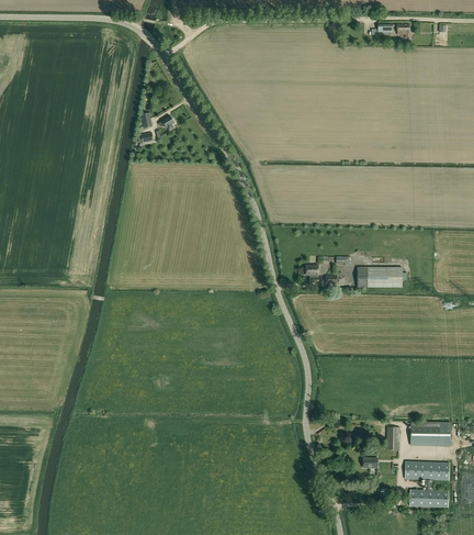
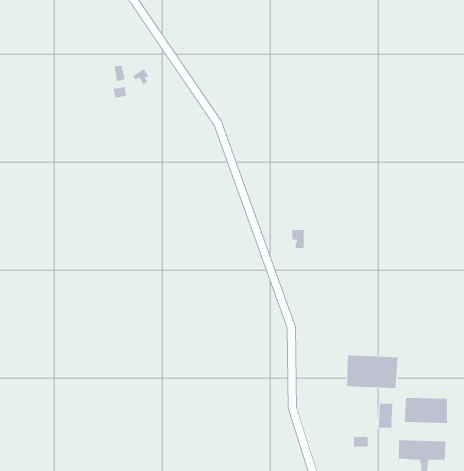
building: [358,267,403,287] -> none
building: none -> [347,354,398,389]

